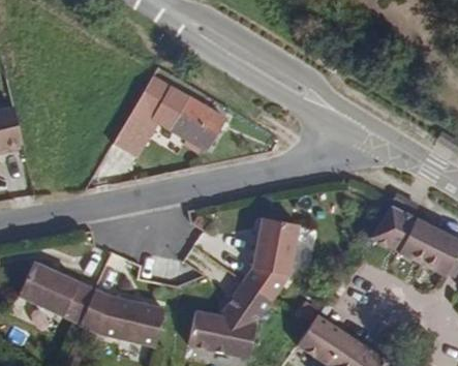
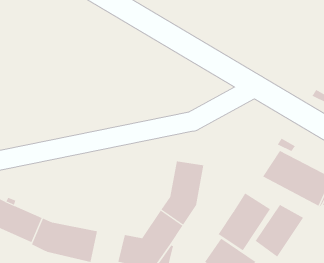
building: [115,72,228,152] -> none
building: none -> [218,192,271,251]
building: none -> [255,204,304,258]

